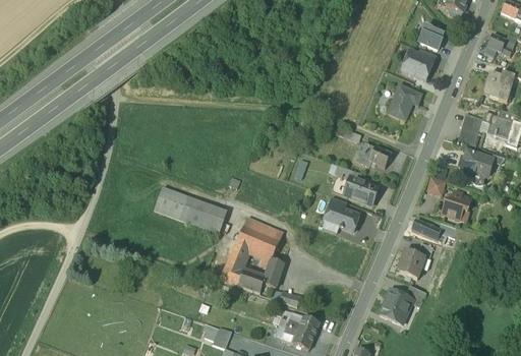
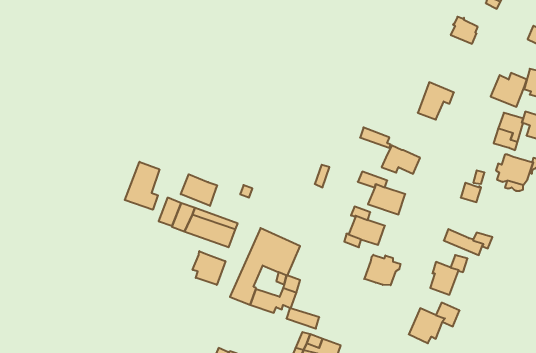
building: [402,49,435,79] -> [491,73,527,107]
building: none -> [125,162,159,210]
building: none -> [181,174,217,206]
building: [443,188,471,216] -> none
building: none -> [193,251,225,285]
building: none -> [364,255,401,285]

